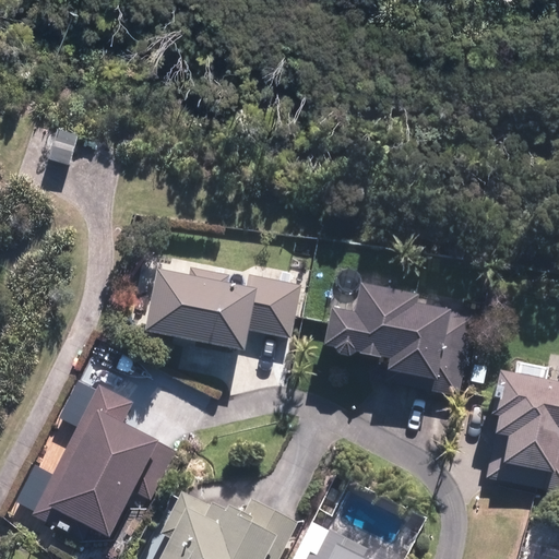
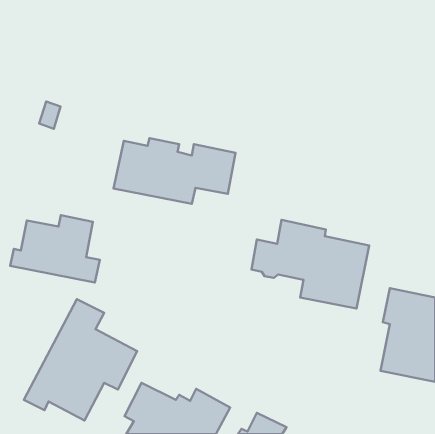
building: [144,265,300,349] -> [114,138,235,204]
building: none -> [10,215,100,283]

